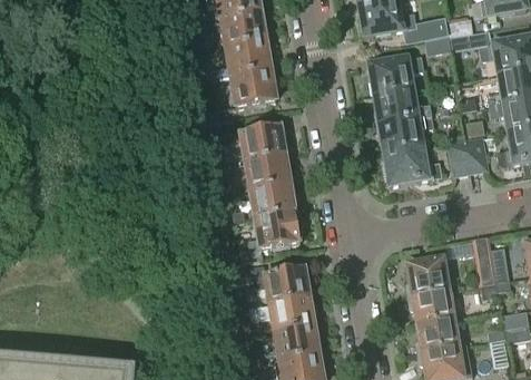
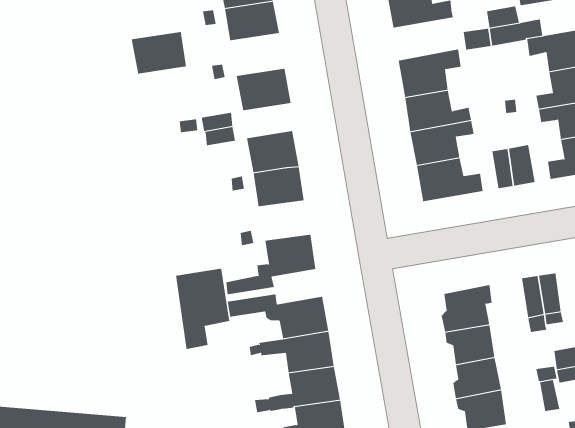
building: [404,17,448,41] -> none
building: [225,39,273,76] -> [131,31,187,74]
building: [249,183,295,217] -> none
building: none -> [176,268,230,350]

